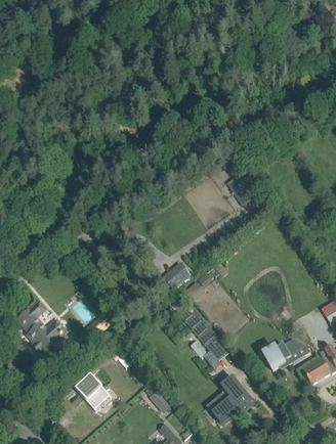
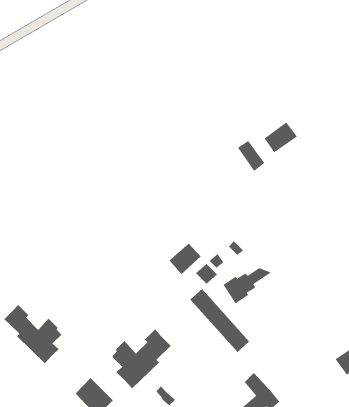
building: none -> [264,122,298,153]
building: none -> [111,329,172,389]
building: [261,339,304,369] -> [222,267,271,304]

